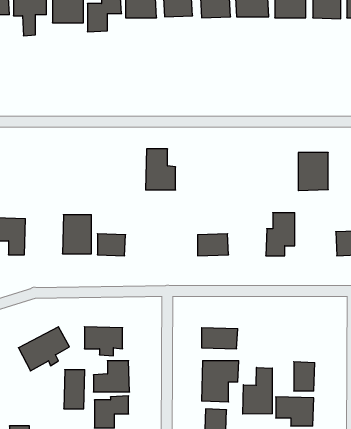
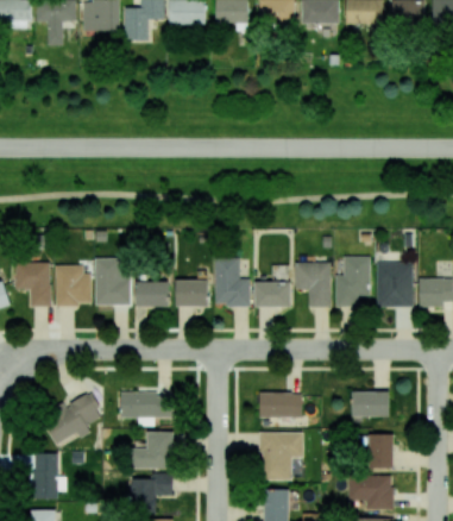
building: [146,149,176,190] -> [214,257,250,306]
building: [298,153,328,191] -> [377,262,413,307]
building: none -> [295,262,332,307]
building: none -> [55,265,92,305]
building: none -> [176,280,208,306]
building: none -> [351,391,390,416]
building: [243,367,272,414] -> none
building: [64,370,85,409] -> [32,452,57,498]

